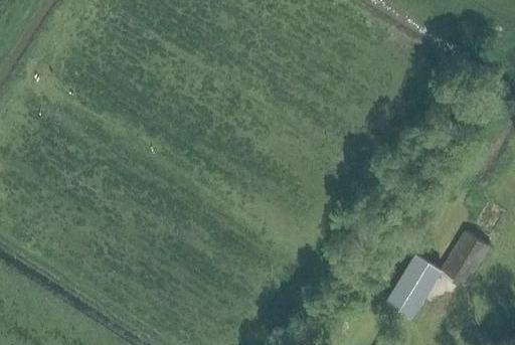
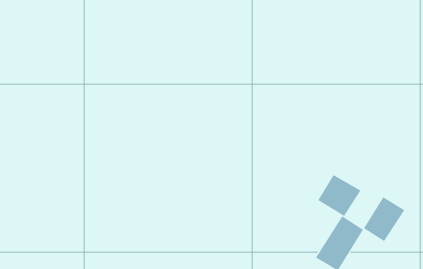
building: none -> [318,174,361,217]

